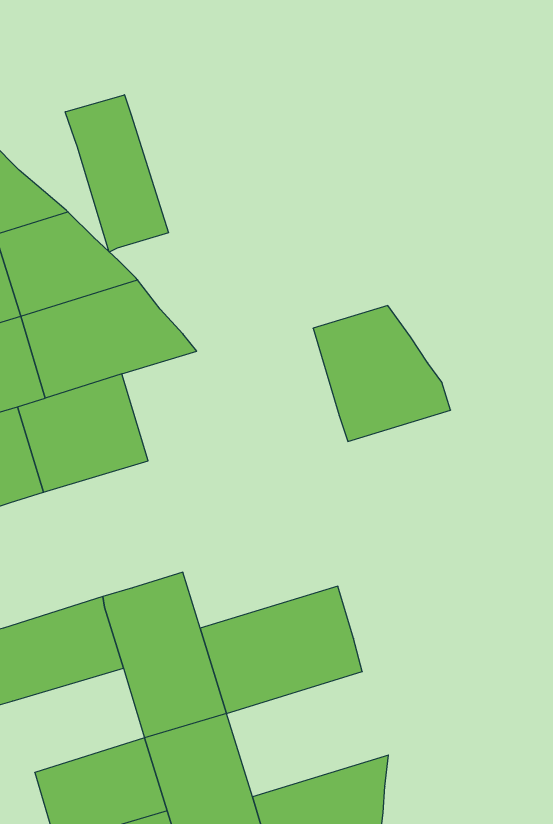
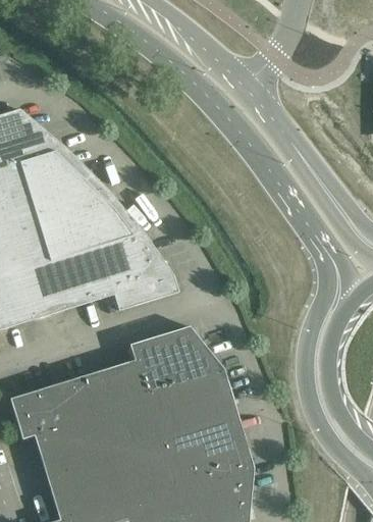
building: [65,95,169,252] -> none
building: [313,306,451,441] -> [98,231,178,311]
building: none -> [129,327,224,394]
building: none -> [34,417,111,478]
building: none -> [159,419,254,492]

